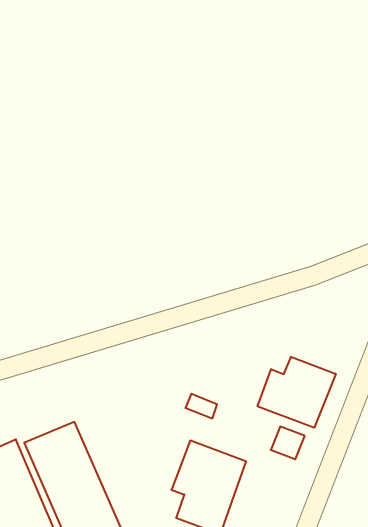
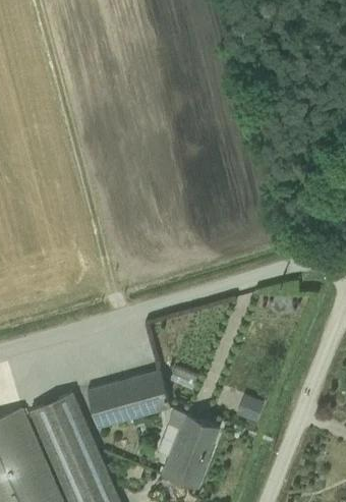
building: [258,357,336,428] -> none
building: none -> [85,369,171,429]

